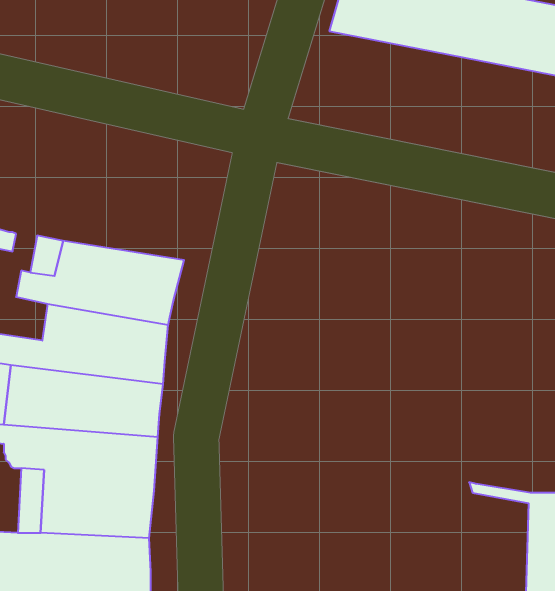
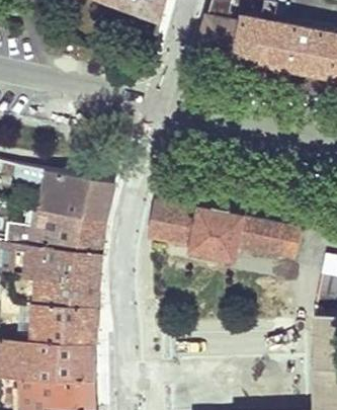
building: none -> [151,200,302,260]

